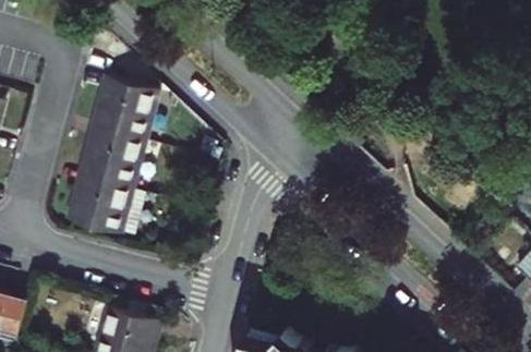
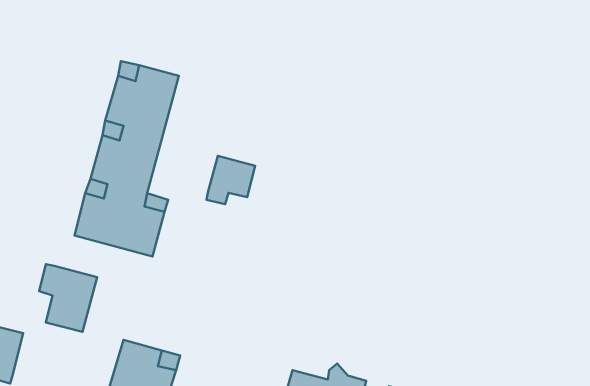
building: none -> [207,156,255,204]
building: none -> [39,264,97,332]

